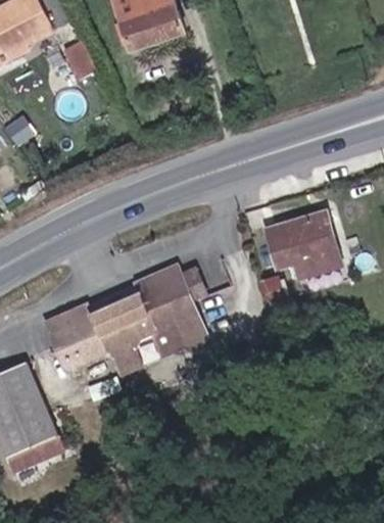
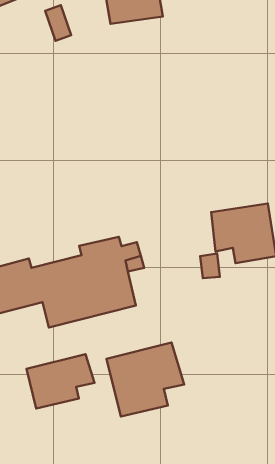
building: none -> [107,342,184,417]
building: none -> [26,354,95,408]

